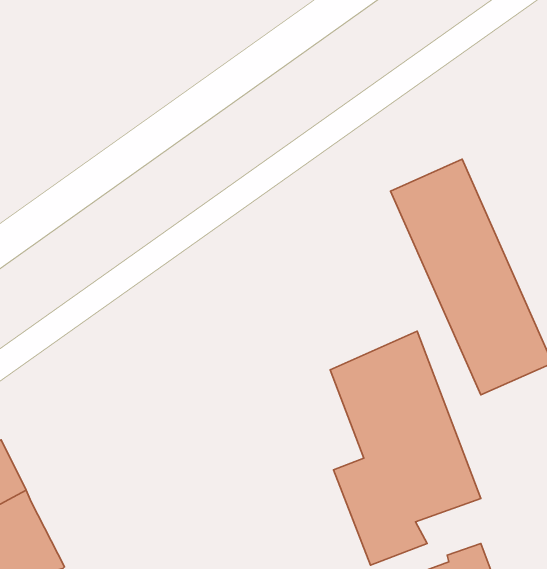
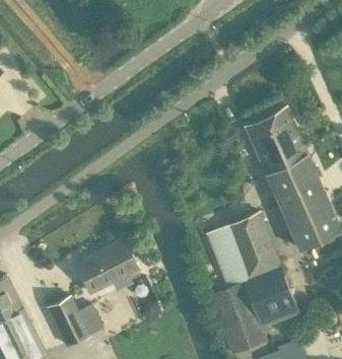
building: none -> [77,237,139,293]
building: none -> [47,297,104,346]

